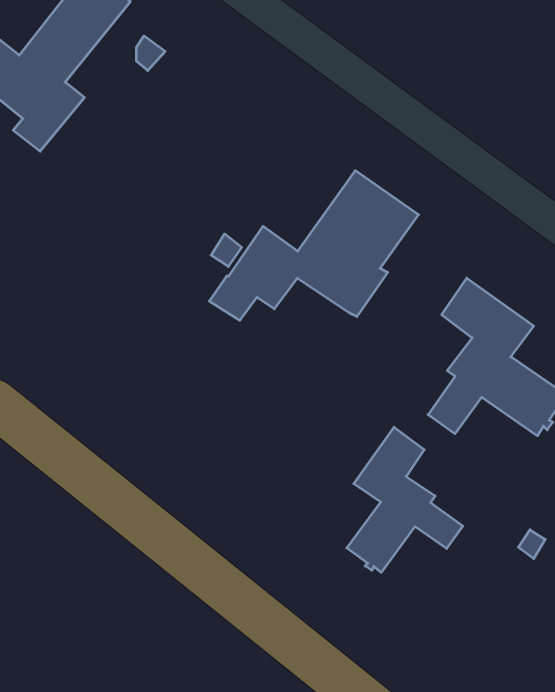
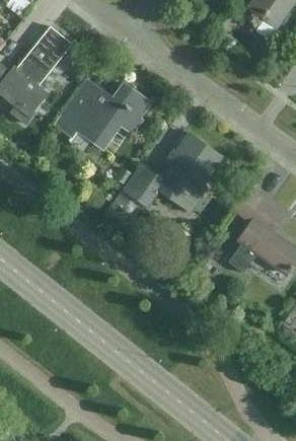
building: none -> [53,79,150,149]
building: [347,427,463,572] -> none

